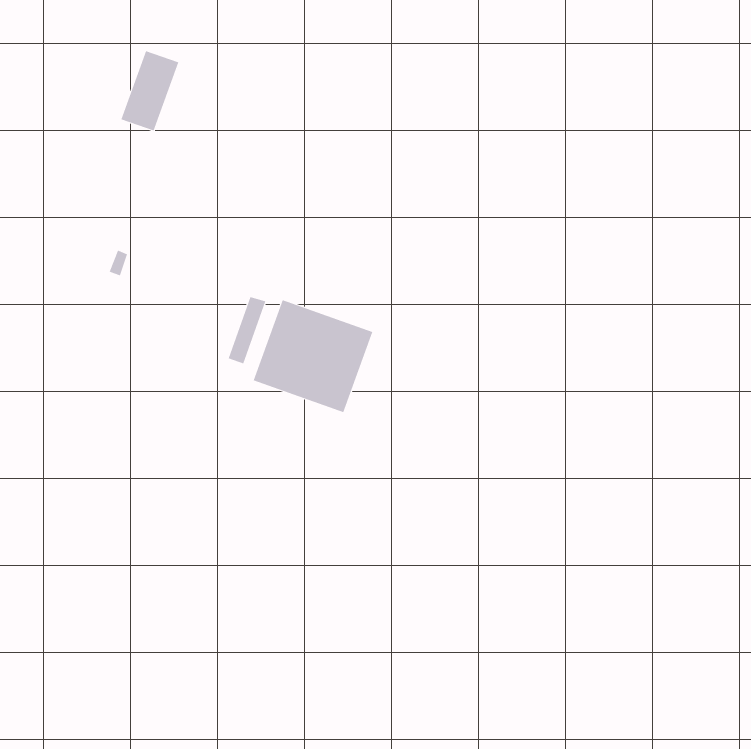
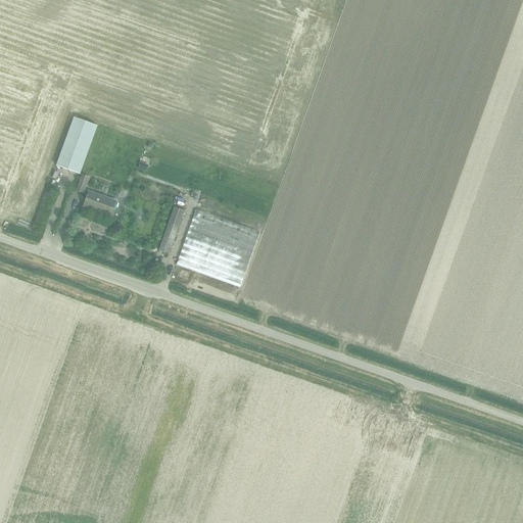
building: [120,50,179,131] -> [56,116,97,173]
building: none -> [84,190,116,216]

